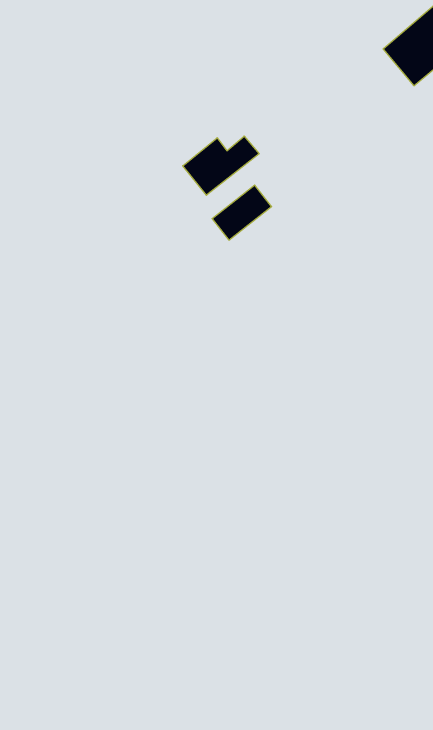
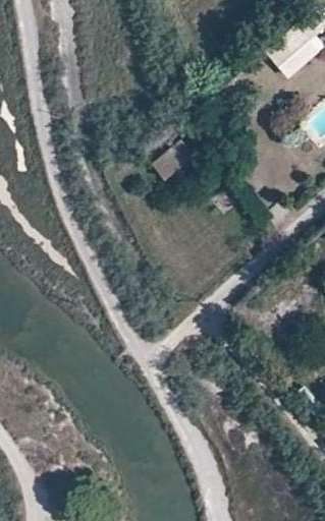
building: [183,136,259,195] -> none

